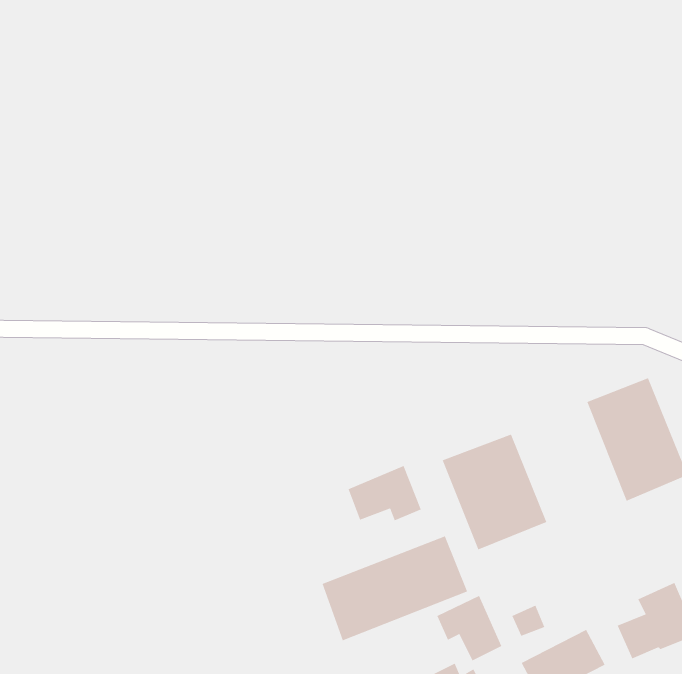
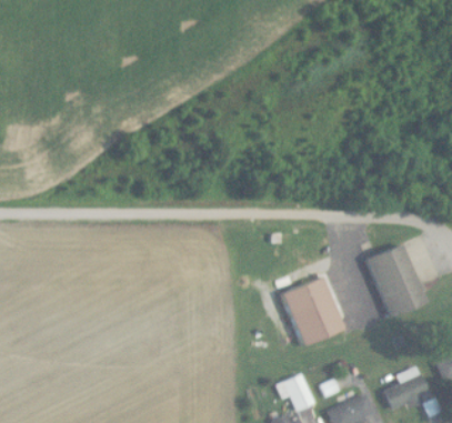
building: [348,465,422,521] -> none
building: [322,535,468,641] -> none

